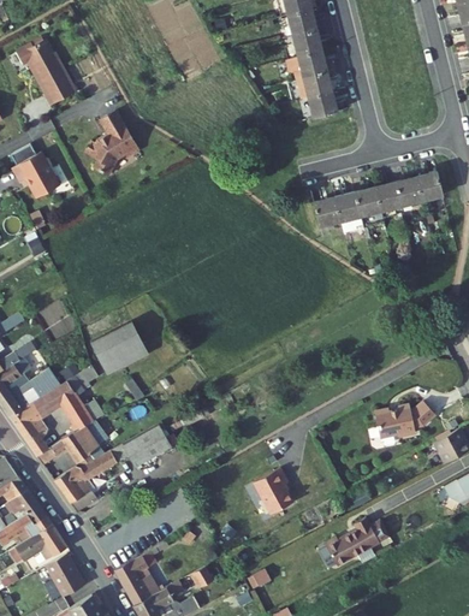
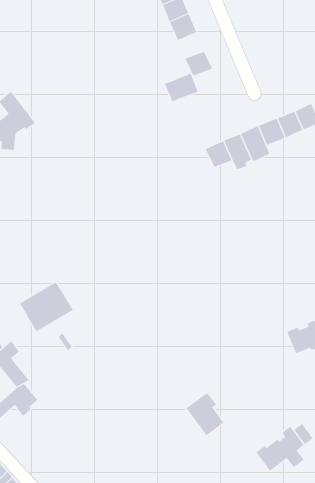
building: [296,76,332,105] -> [164,73,198,102]
building: [54,421,166,505] -> none

